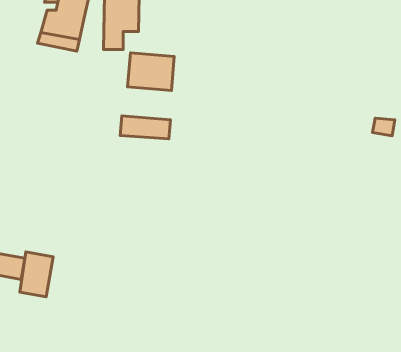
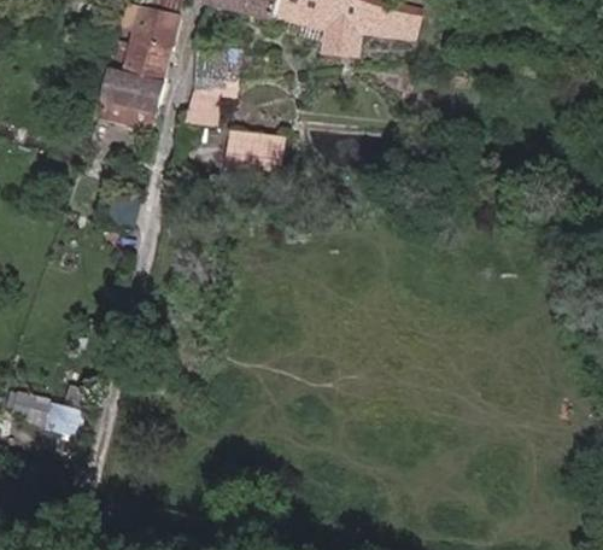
building: [120,116,170,139] -> none
building: [20,252,53,297] -> none

